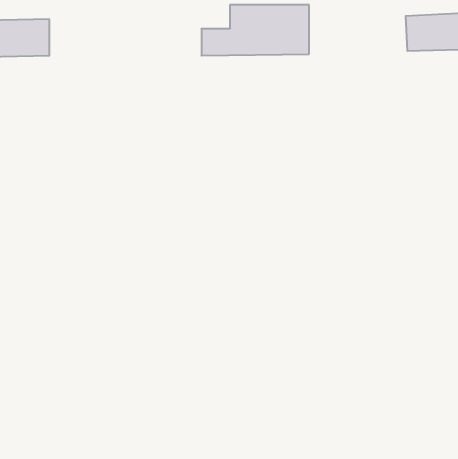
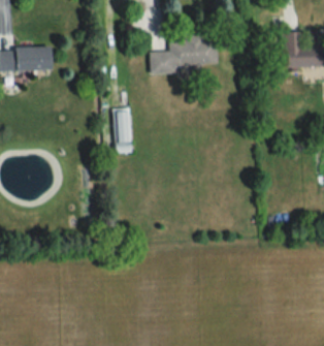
building: none -> [116,108,131,153]

